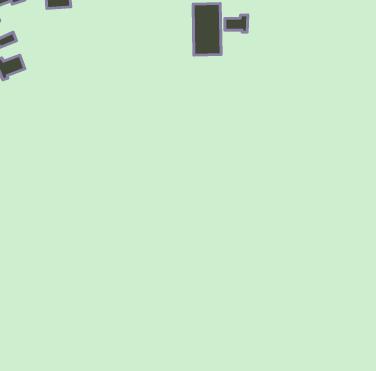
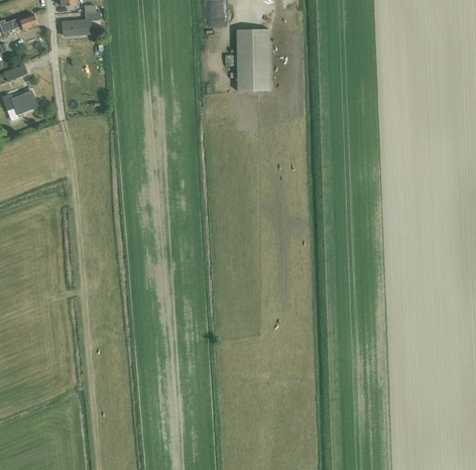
building: [225,15,248,32] -> none

